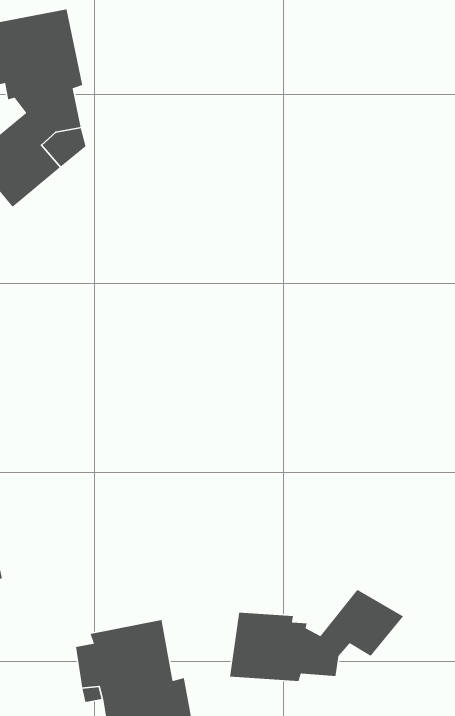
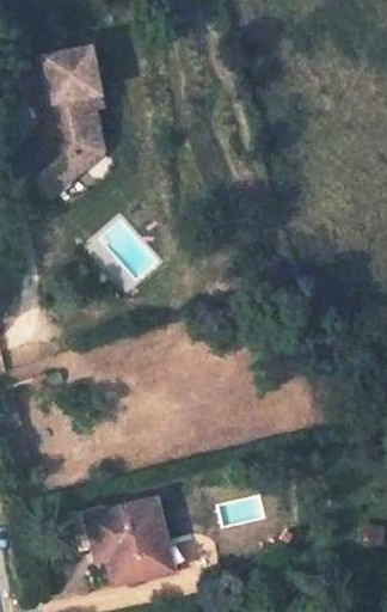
building: [229,589,404,682] -> none

